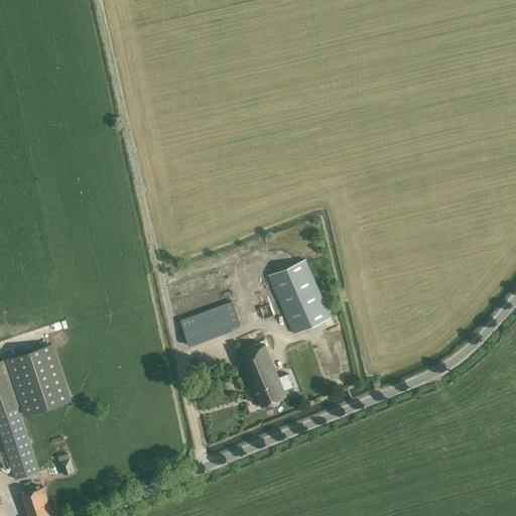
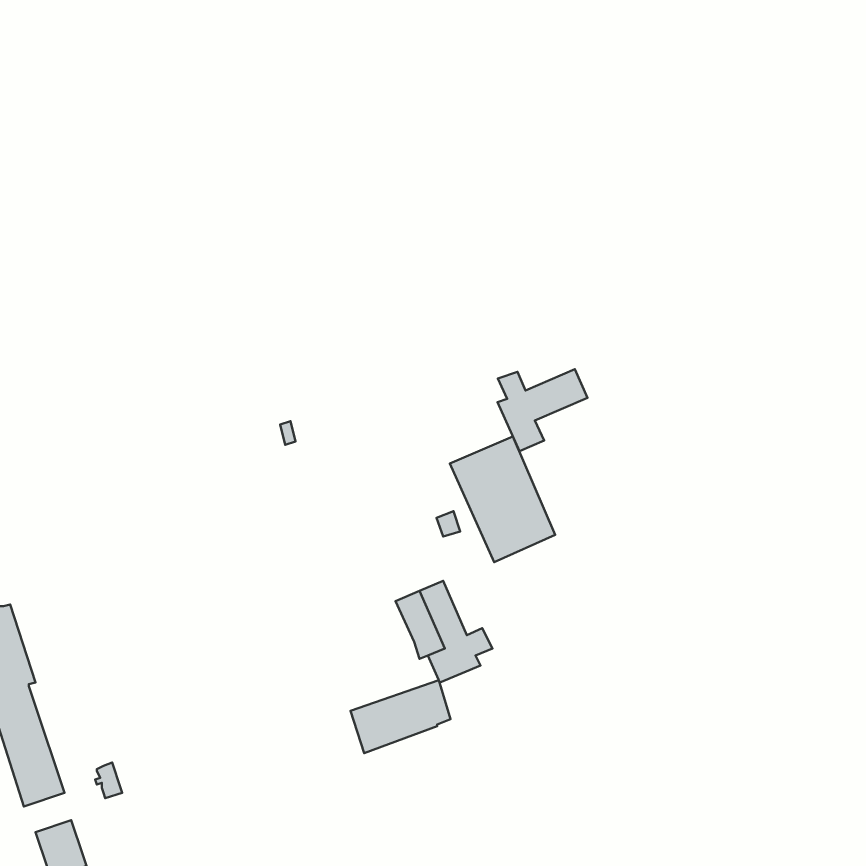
building: none -> [498,369,588,451]
building: [179,302,239,346] -> [350,680,451,753]
building: [6,345,69,415] -> none

